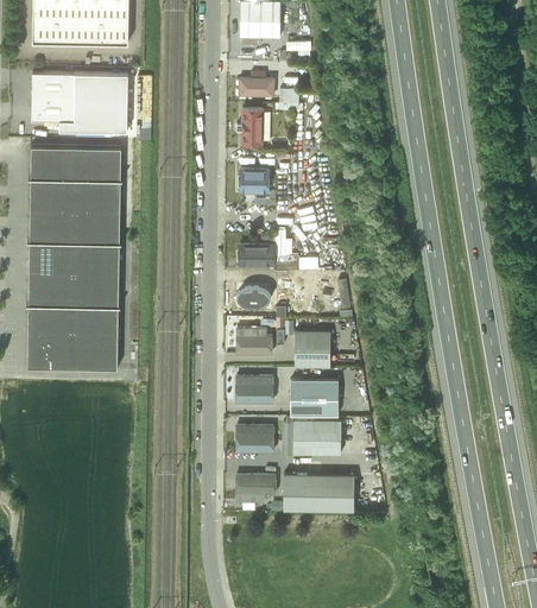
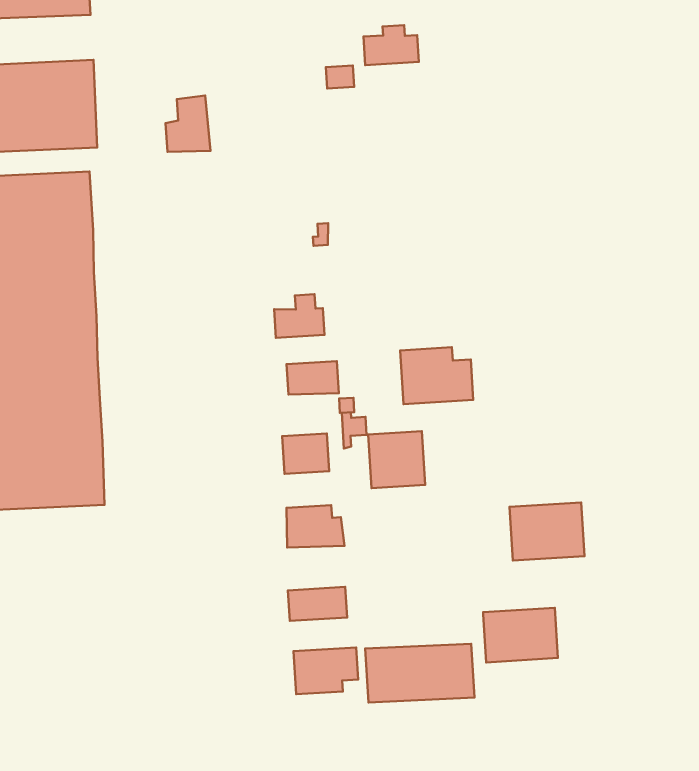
building: [240,70,276,95] -> [363,25,419,65]
building: [239,108,267,145] -> [166,96,210,152]
building: [238,170,267,191] -> none
building: none -> [400,347,473,404]
building: [291,381,339,417] -> [509,502,584,561]
building: [292,423,340,456] -> [483,608,558,662]

